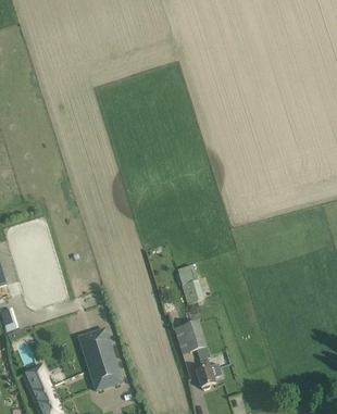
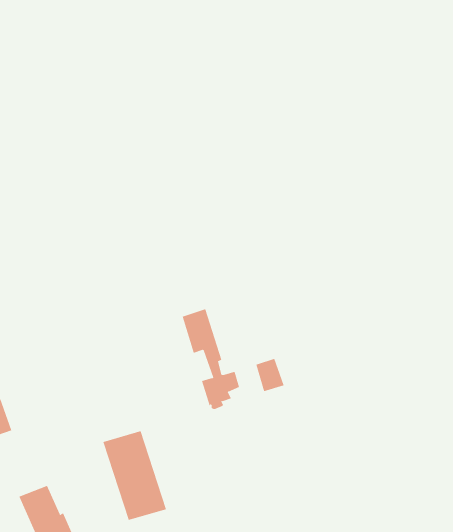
building: [182,321,221,389] -> [182,308,240,410]

